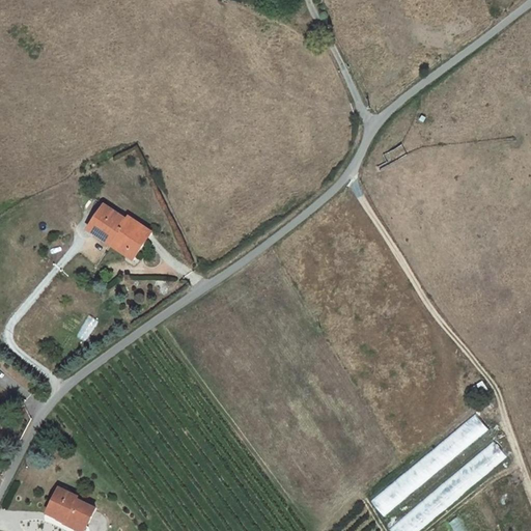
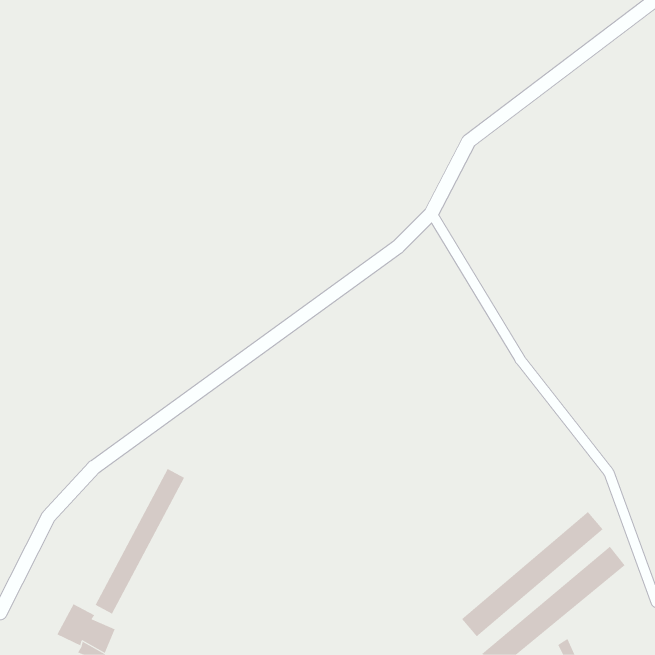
building: [86,203,149,257] -> none
building: none -> [95,468,185,615]

